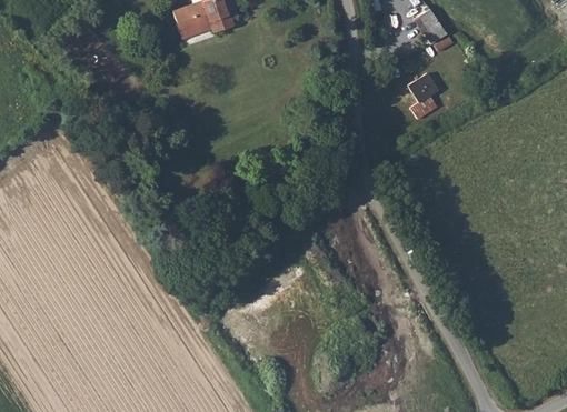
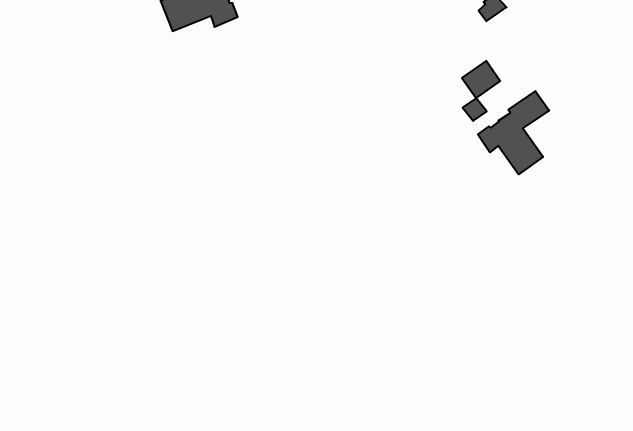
building: none -> [478,91,549,174]

